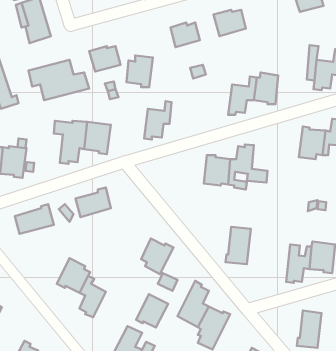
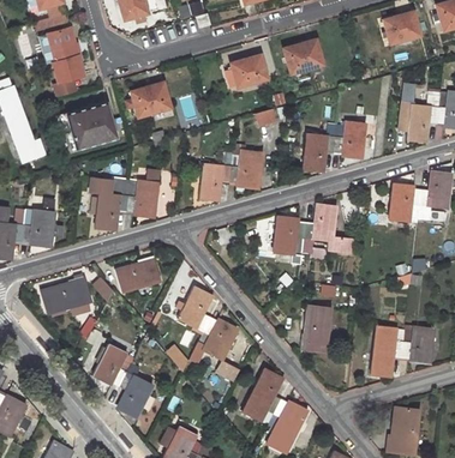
building: [127,56,153,87] -> [231,147,263,186]
building: none -> [174,289,208,335]
building: [136,294,168,327] -> none

